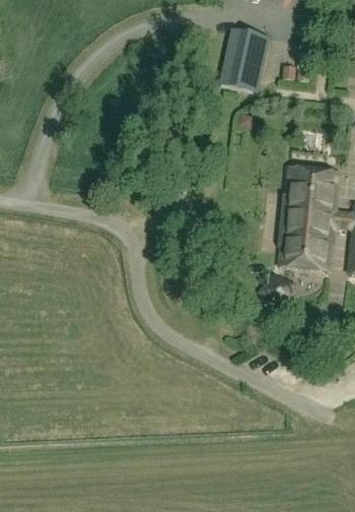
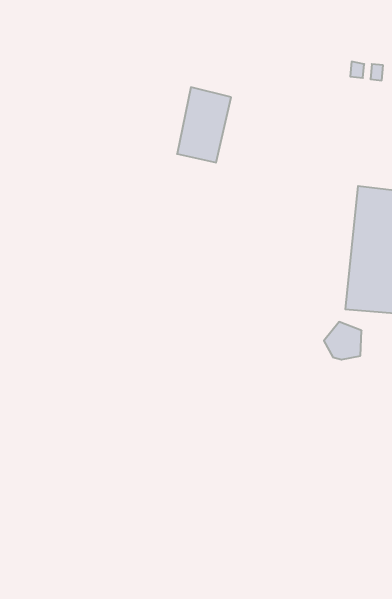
building: [222,29,266,90] -> [177,87,231,163]

